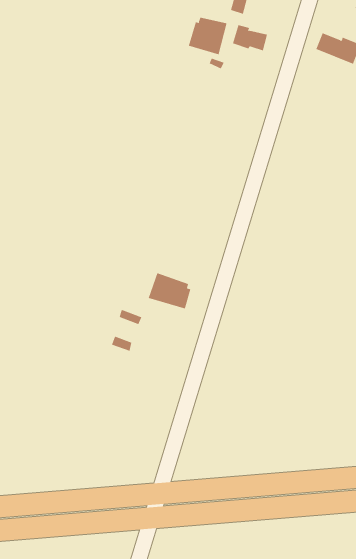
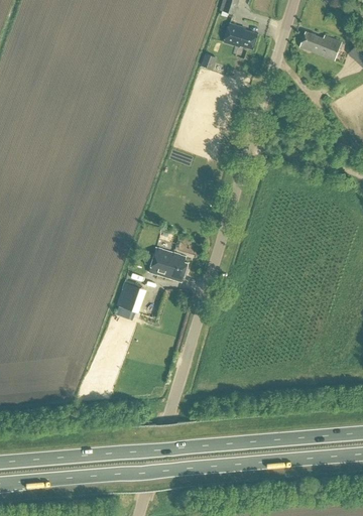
building: [188,17,227,55] -> none

